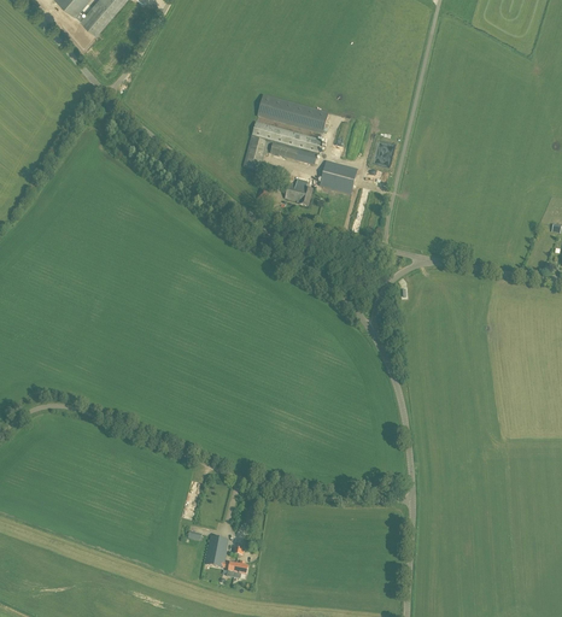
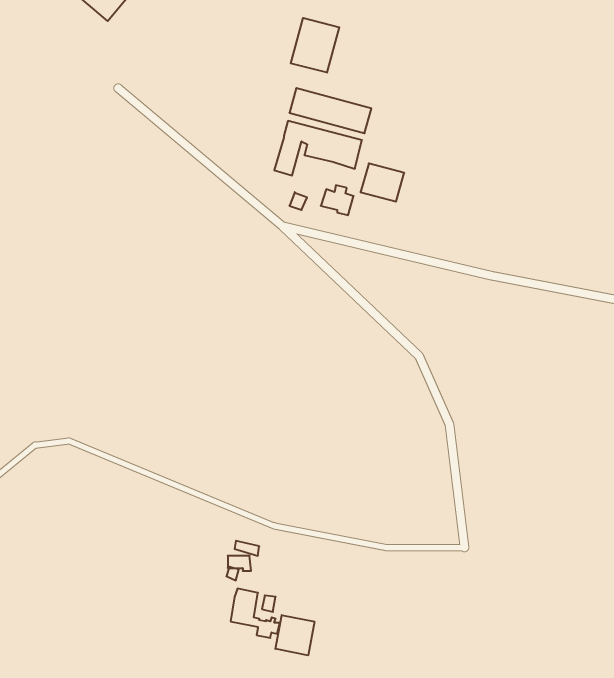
building: none -> [291,18,339,73]
building: none -> [275,615,314,655]

